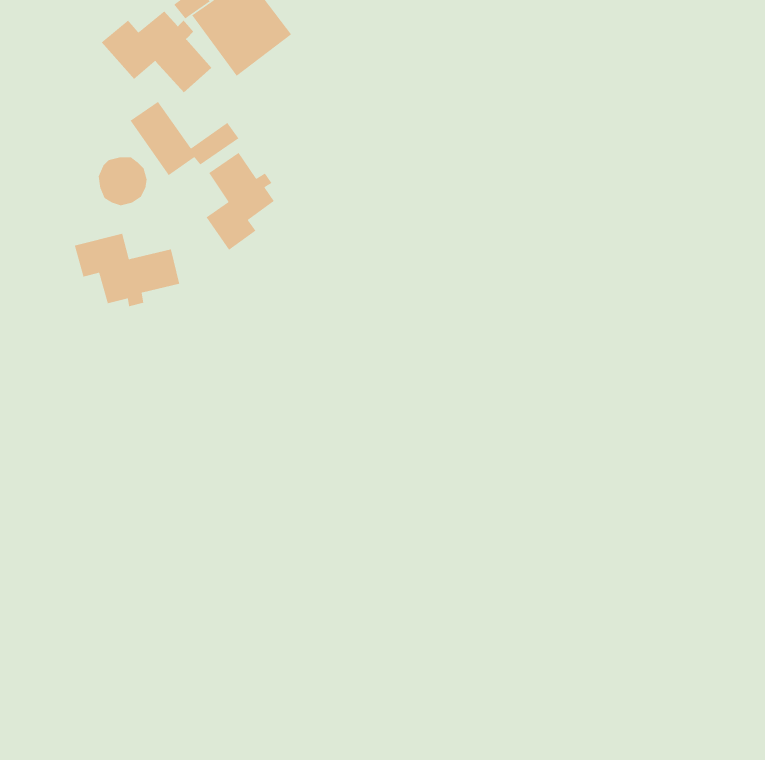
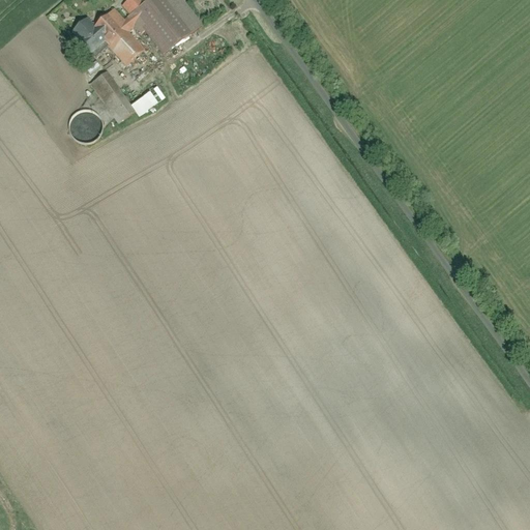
building: [206,152,275,251] -> none
building: [74,233,180,307] -> none

